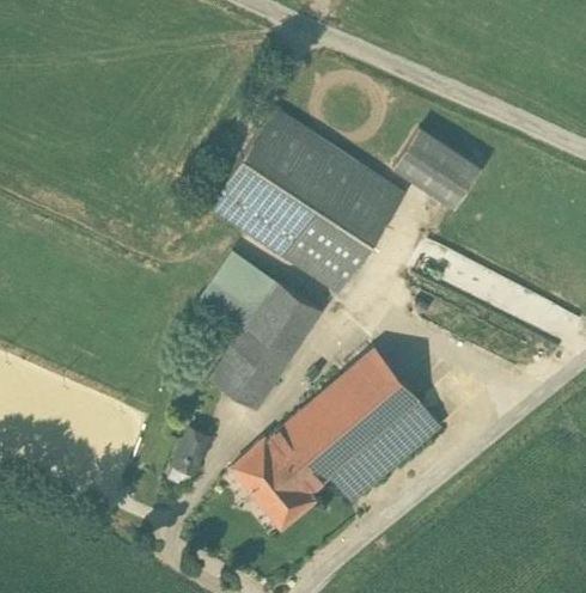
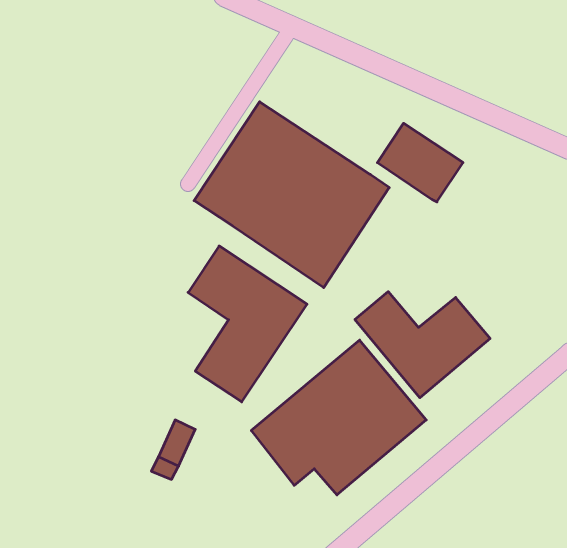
building: none -> [355,292,490,398]
building: [231,438,315,527] -> none

